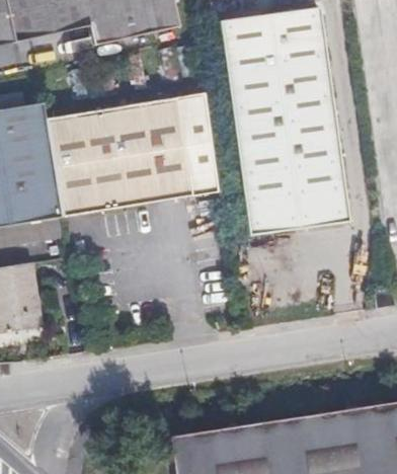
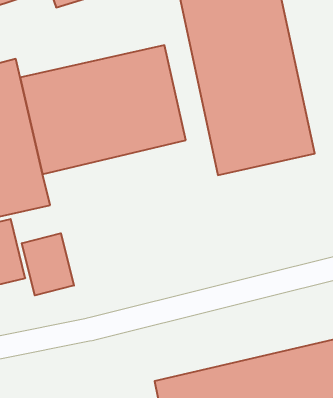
building: none -> [22,233,74,295]

